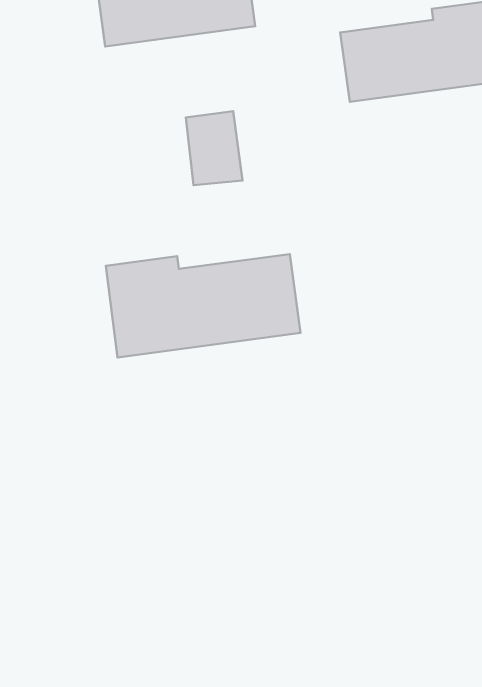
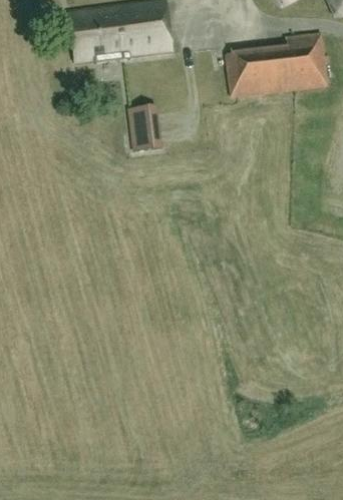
building: [106,254,300,357] -> none

